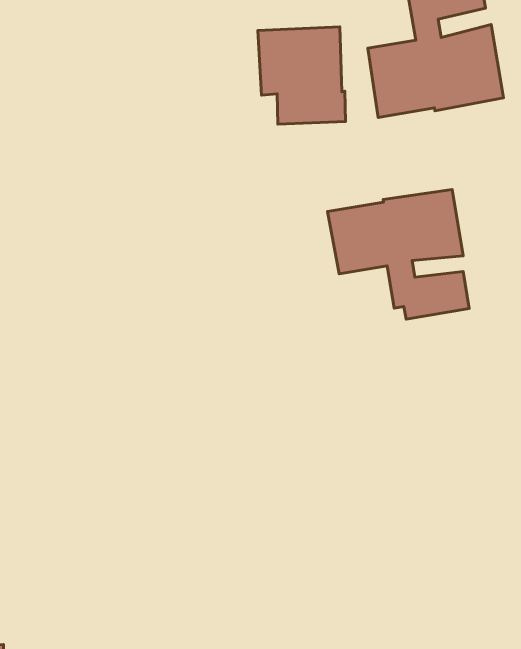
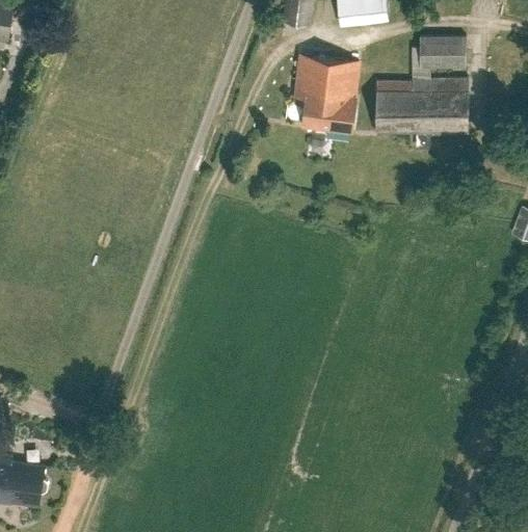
building: [327,189,469,319] -> none

